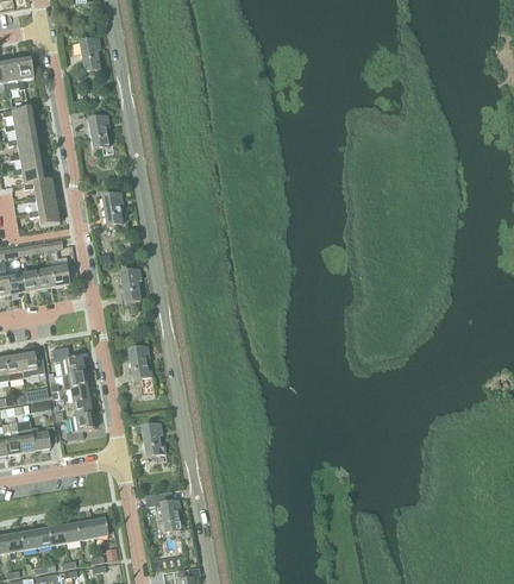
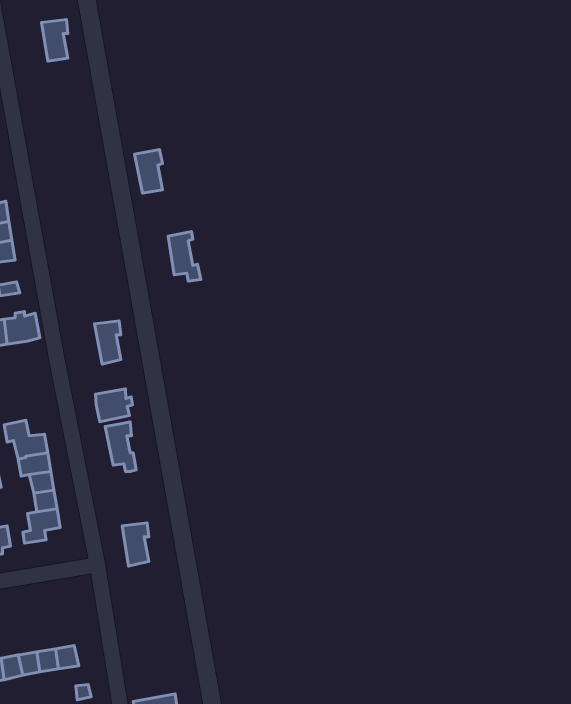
building: [88,114,109,147] -> [135,150,163,193]
building: [102,191,127,230] -> [168,231,201,281]
building: none -> [96,389,133,422]
building: [145,488,181,532] -> none

